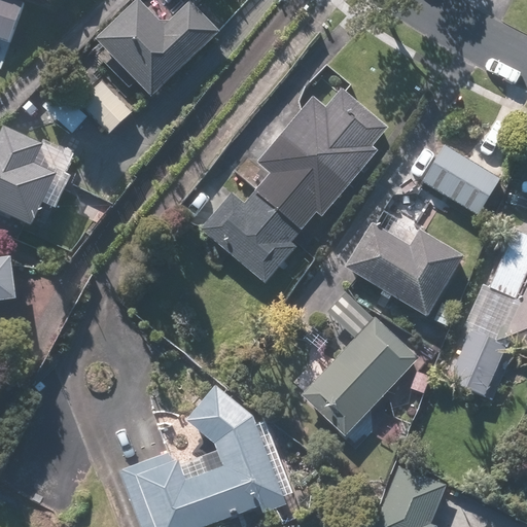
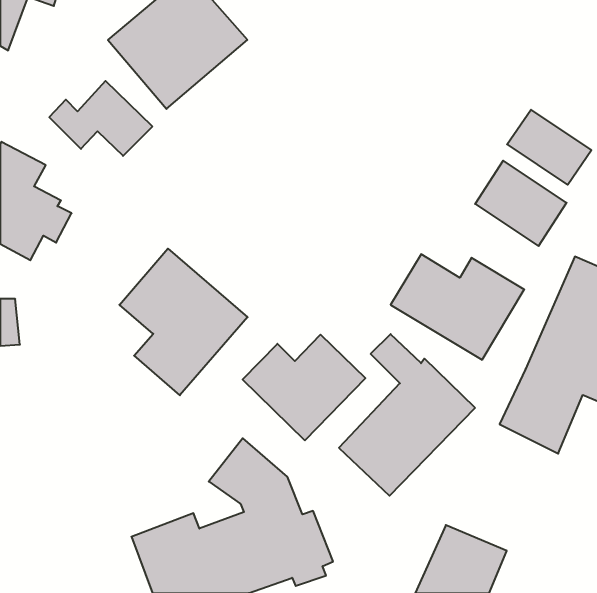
building: [199,87,387,284] -> none
building: none -> [507,110,591,185]
building: none -> [119,249,248,395]
building: none -> [243,335,365,440]

